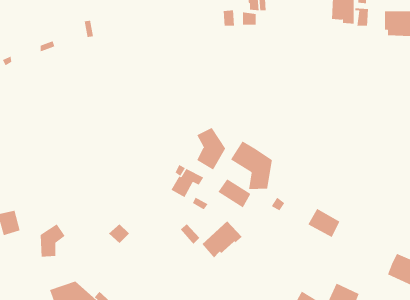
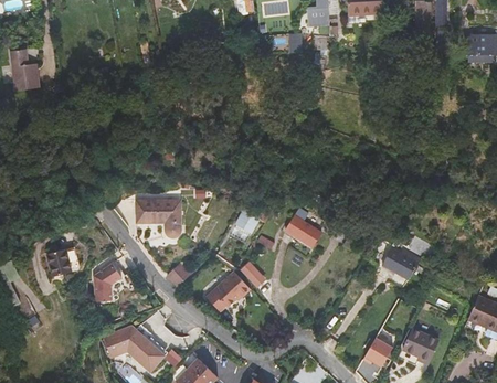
building: [196,127,226,170] -> none
building: [230,141,273,190] -> none
building: none -> [137,199,181,236]
building: [202,221,242,258] -> [207,270,251,311]

